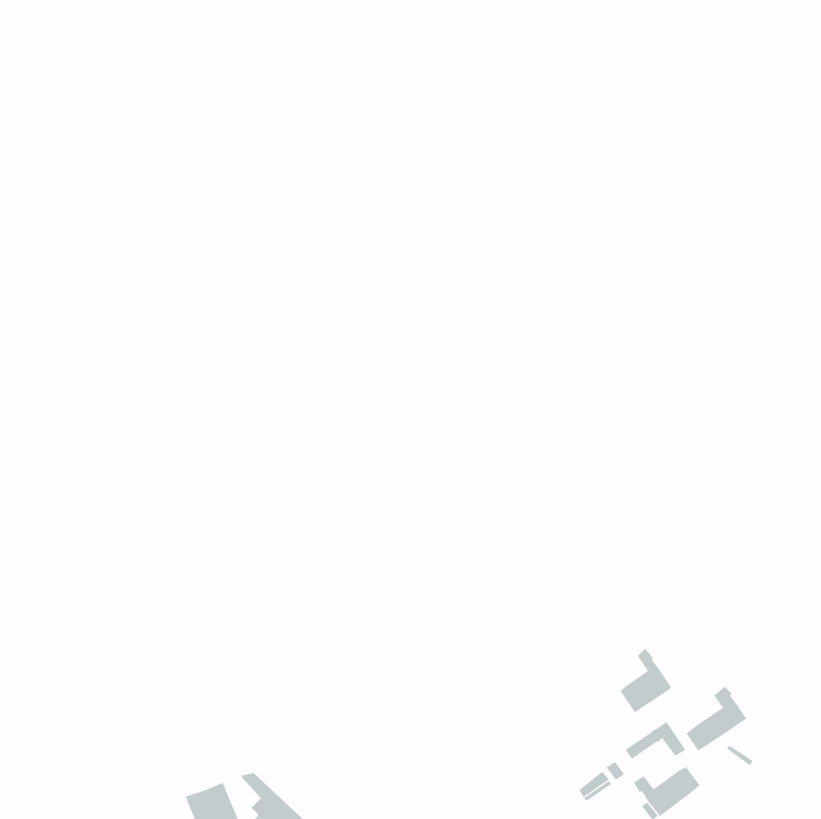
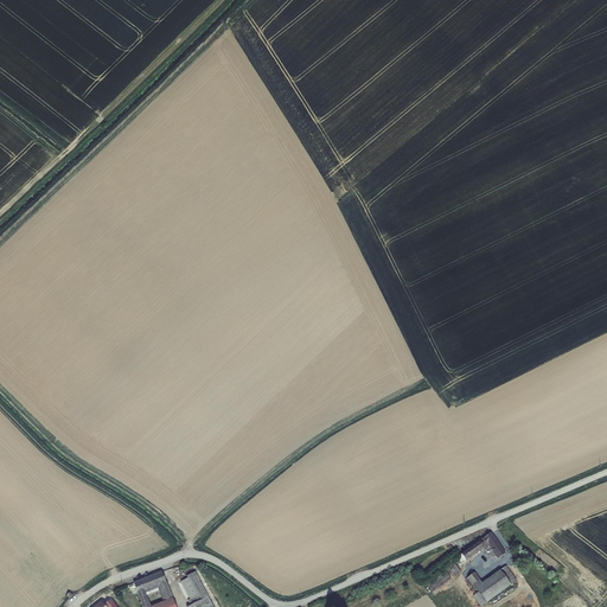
building: [620,648,673,713] -> none
building: [686,686,748,751] -> none

